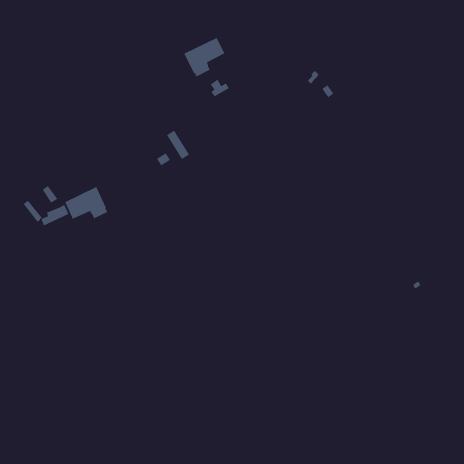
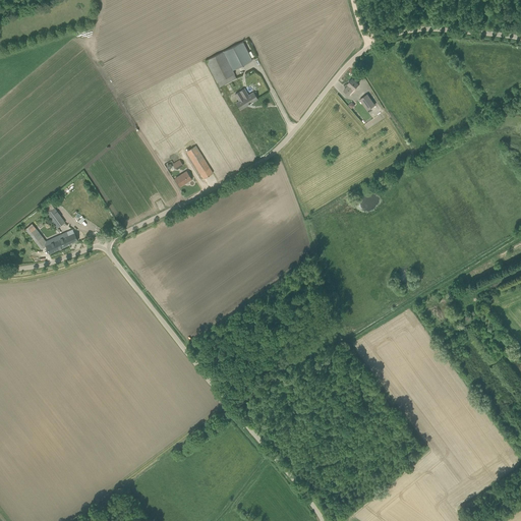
building: [64,186,108,219] -> none

